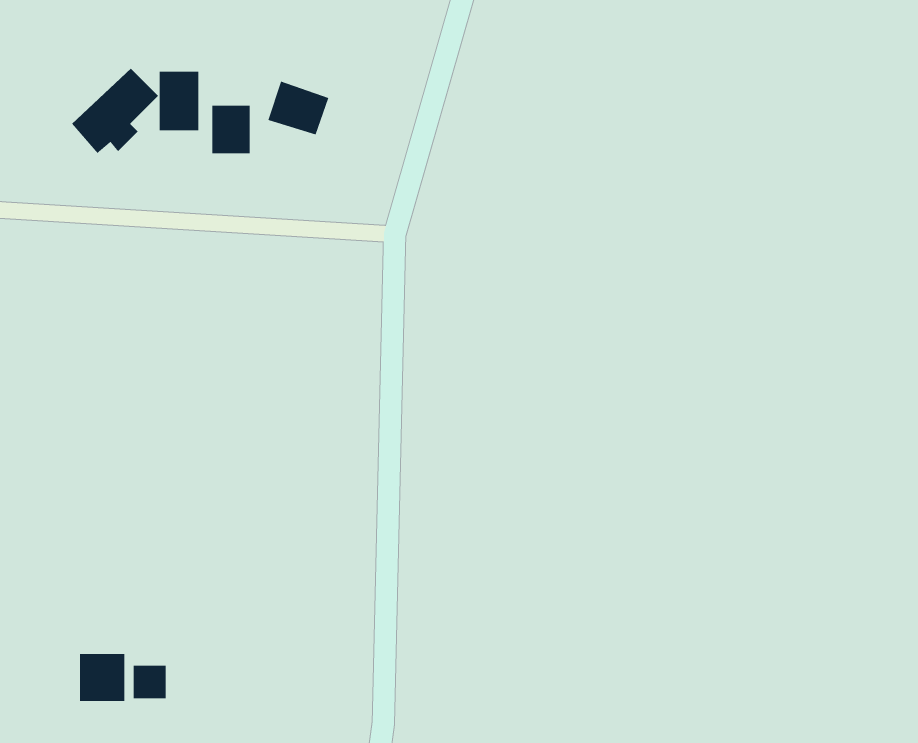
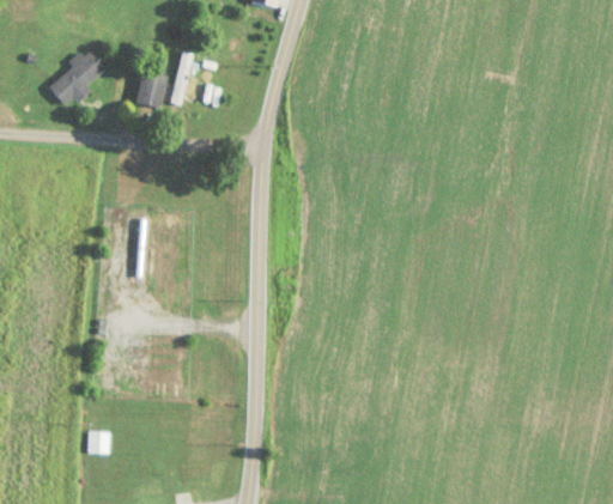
building: [159,71,199,131] -> none
building: [80,653,125,702] -> none

